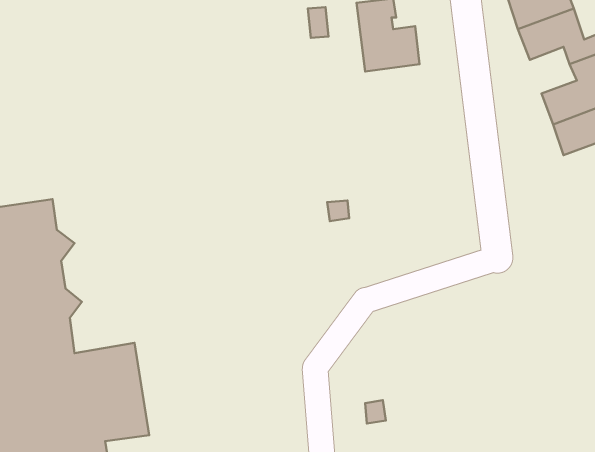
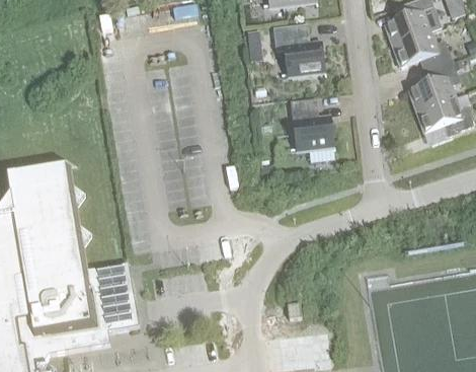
building: none -> [290,98,333,149]

